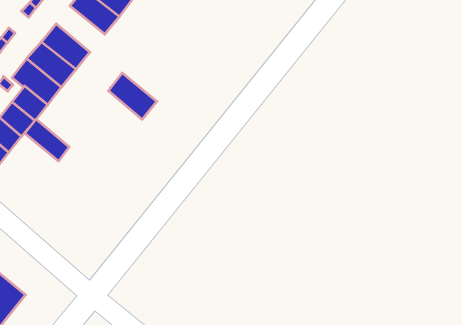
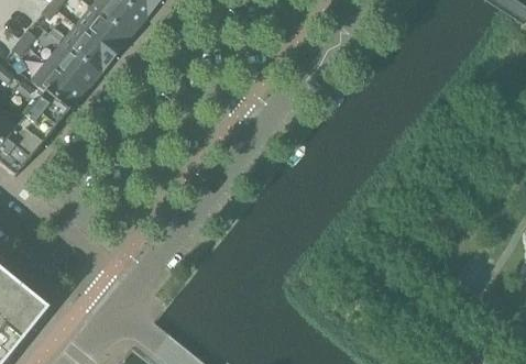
building: [108,73,157,119] -> [77,8,128,56]
building: [25,119,69,161] -> none

